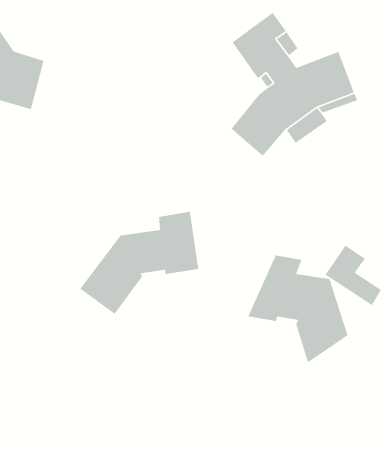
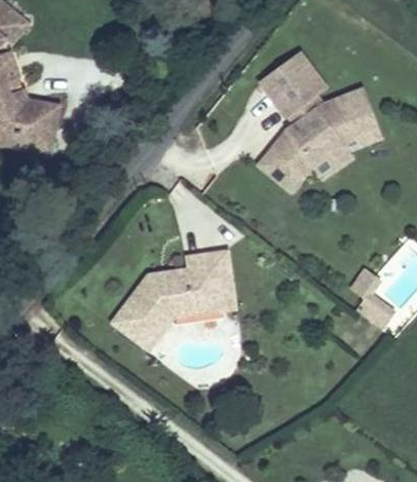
building: none -> [144,245,236,348]
building: [247,254,349,364] -> none

